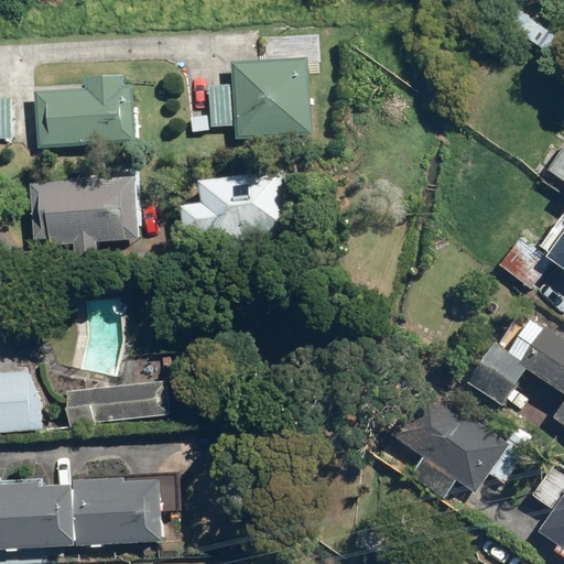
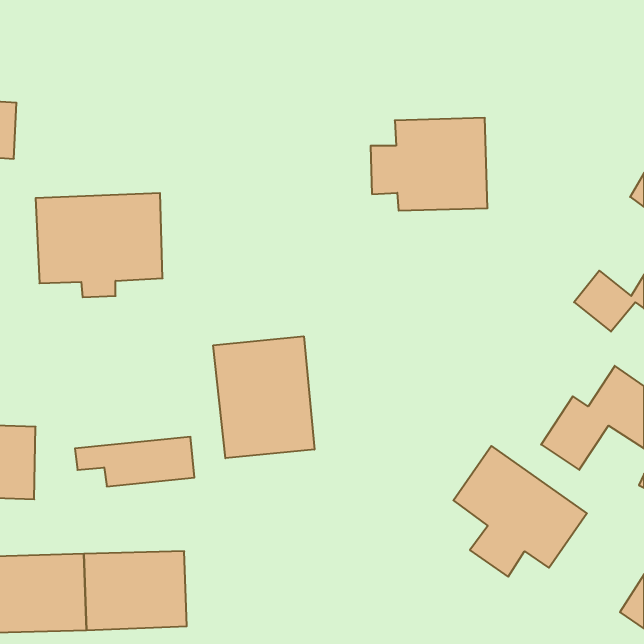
building: [208,59,310,140] -> [371,118,488,211]
building: [35,76,137,145] -> none
building: [182,172,296,243] -> none
building: none -> [213,336,314,458]

